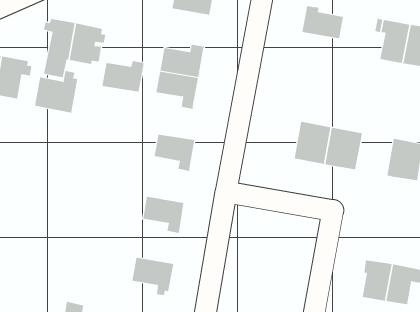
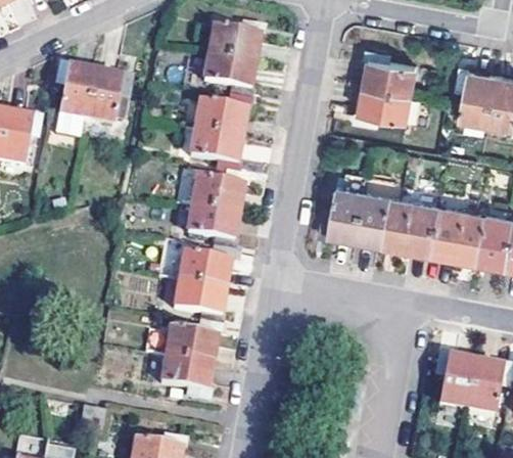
building: none -> [203,55,254,96]
building: none -> [360,84,411,119]
building: [102,61,144,92] -> [192,176,243,214]
building: [35,70,78,114] -> none
building: none -> [324,186,364,236]
building: none -> [430,205,475,257]
building: none -> [178,248,231,289]
building: none -> [166,323,218,363]

